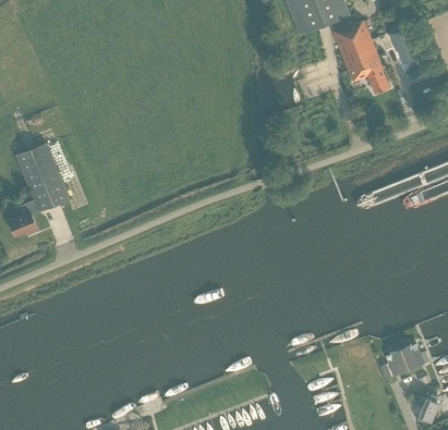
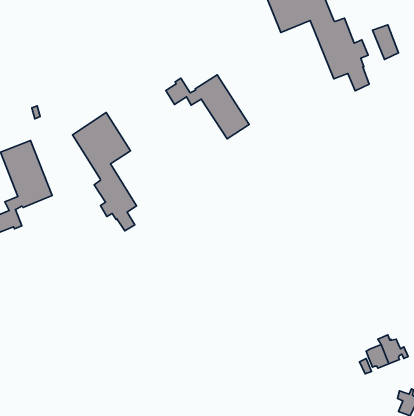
building: none -> [166,75,249,139]
building: none -> [73,112,137,231]

